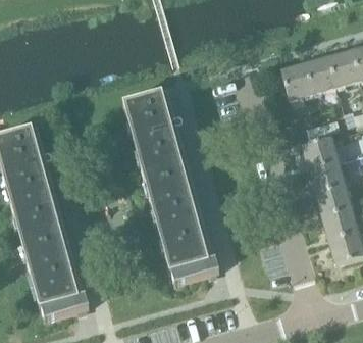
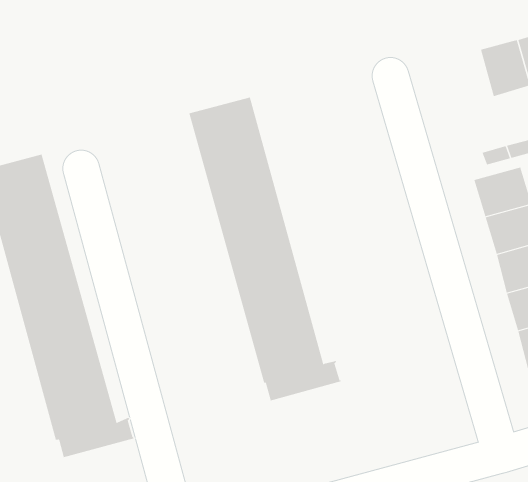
building: [281,63,314,99] -> none

